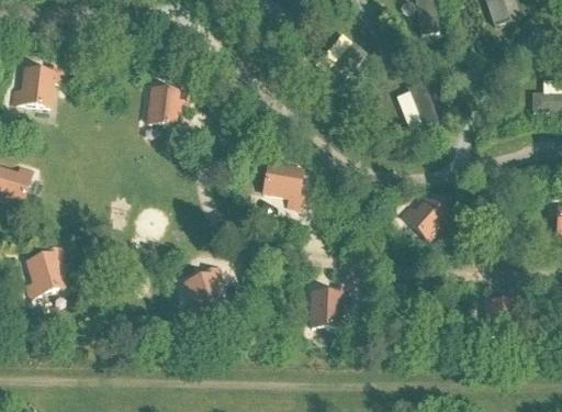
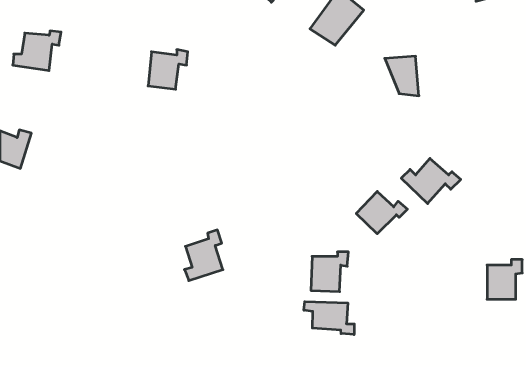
building: [265,154,304,203] -> none
building: none -> [356,191,407,234]
building: [27,244,66,294] -> none
building: none -> [304,302,354,335]

